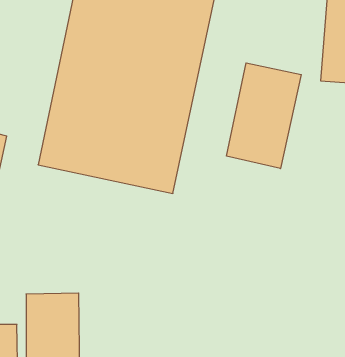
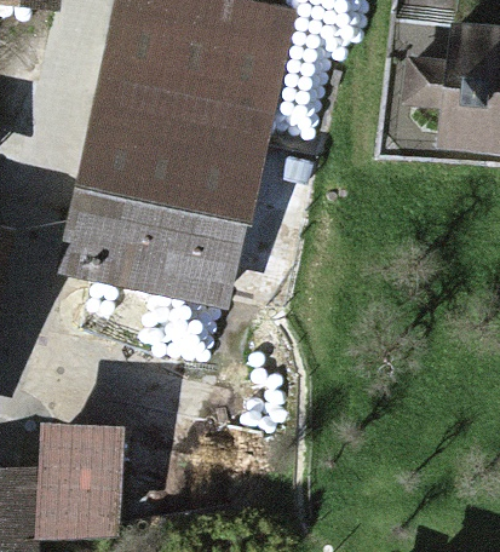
building: [227,63,301,169] -> none

